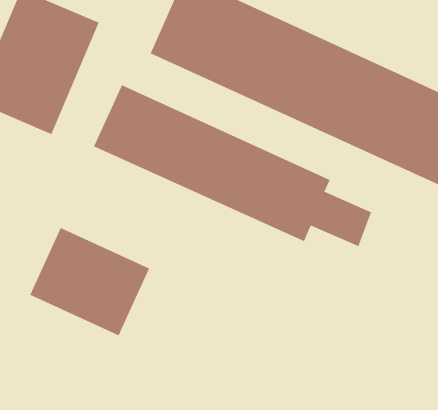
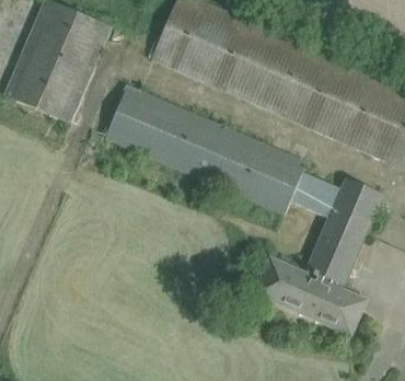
building: none -> [253,182,379,332]
building: [29,227,150,336] -> none

